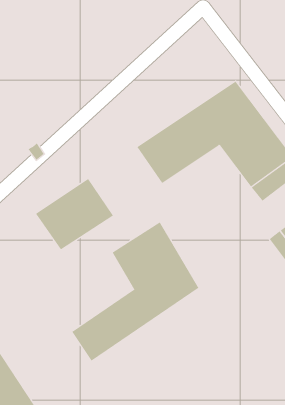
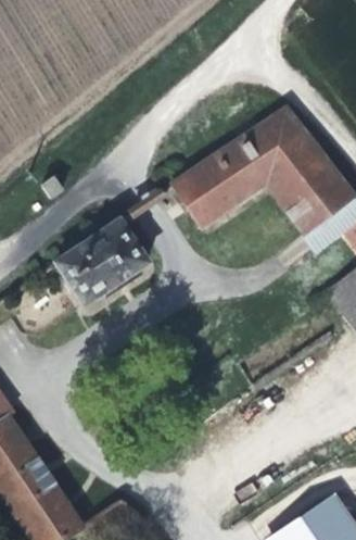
building: [72,222,199,361] -> none

